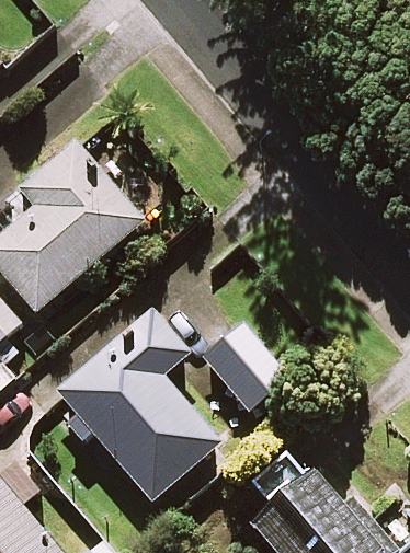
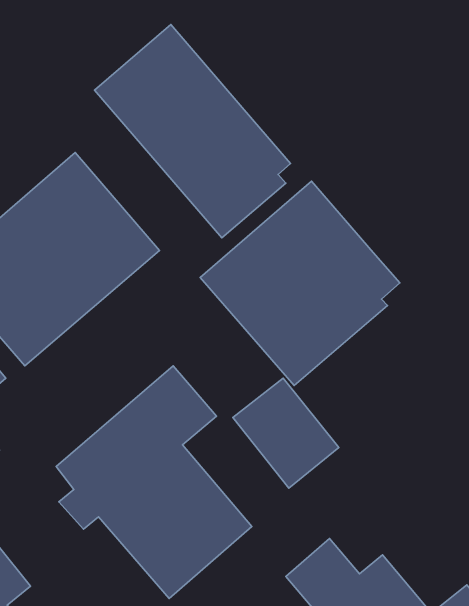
building: none -> [95,25,290,238]
building: none -> [200,181,400,386]

